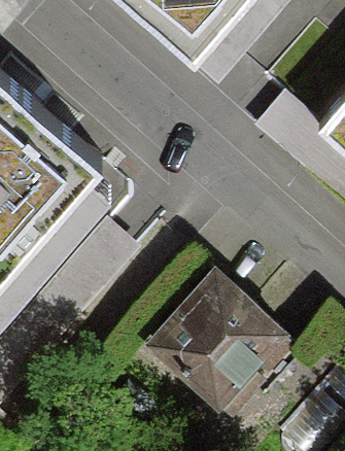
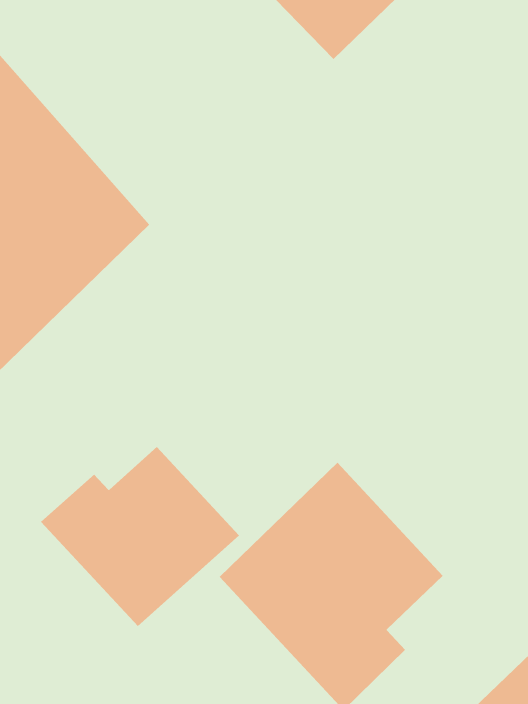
building: none -> [40,446,240,627]

